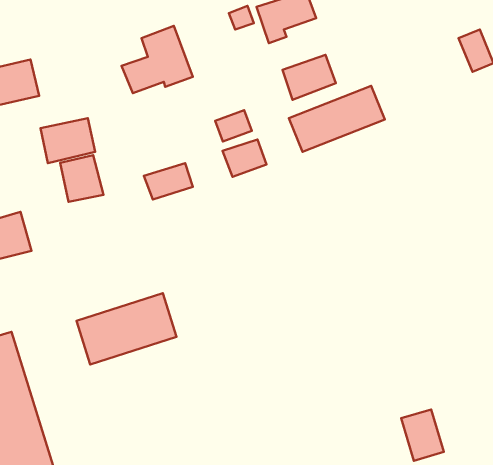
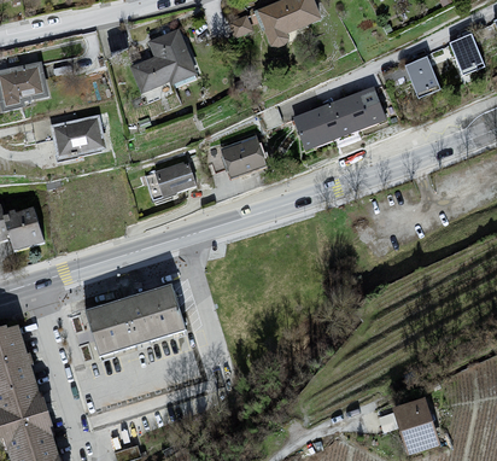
building: none -> [409,54,440,92]
building: [283,55,336,100] -> none
building: [215,110,252,142] -> none
building: [60,155,104,202] -> none

